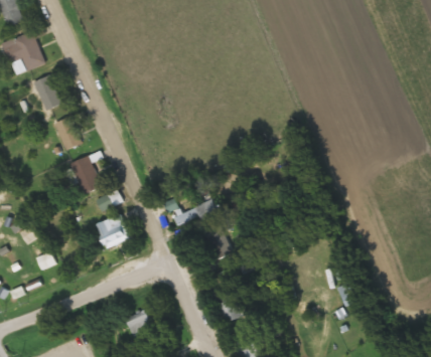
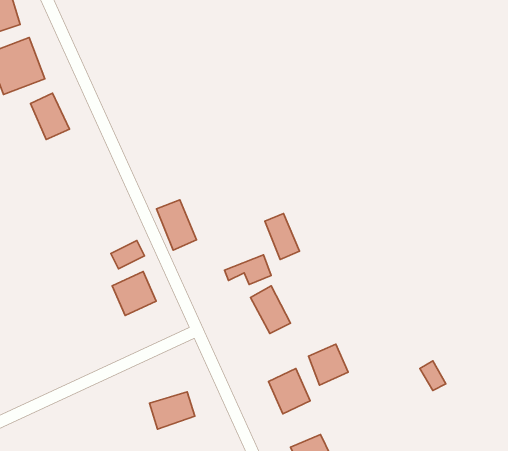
building: [54,117,81,152] -> none
building: [69,156,101,195] -> [157,200,197,250]
building: none -> [265,214,300,259]
building: none -> [308,344,348,385]

